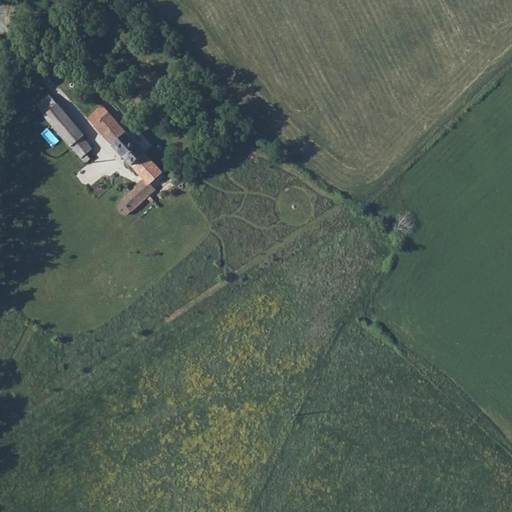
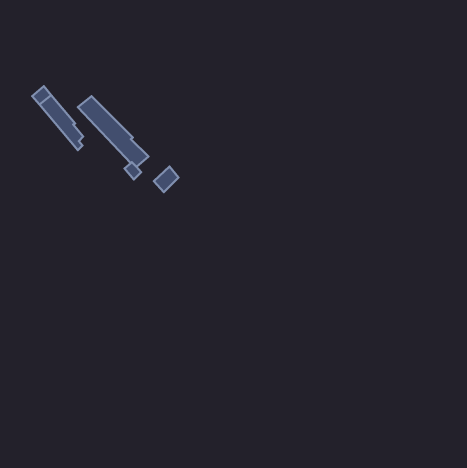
building: [119,184,146,212] -> [154,166,178,192]

